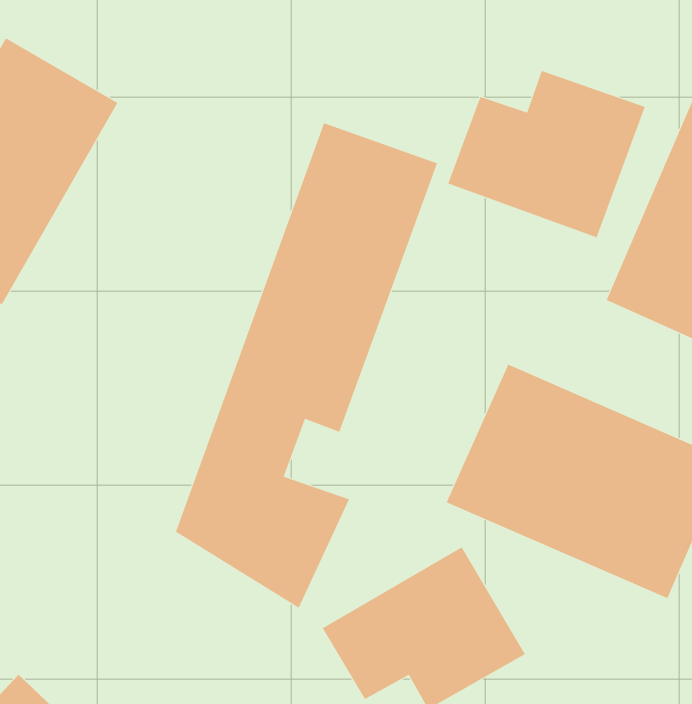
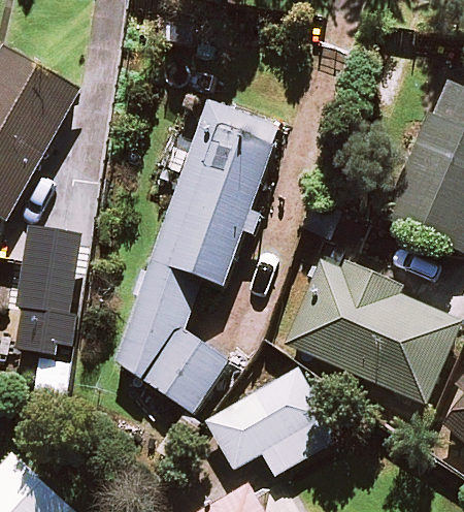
building: [448,70,645,238] -> none
building: none -> [9,235,76,409]

